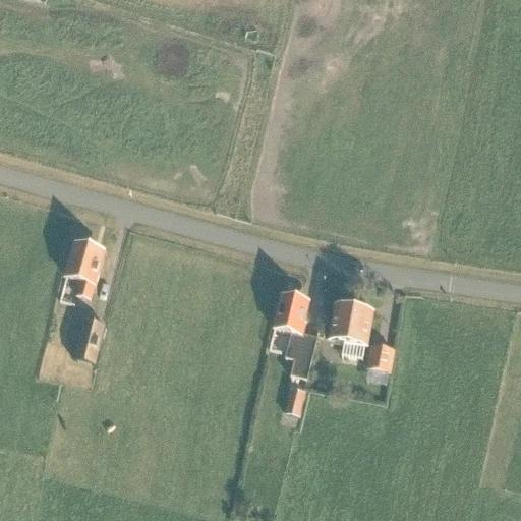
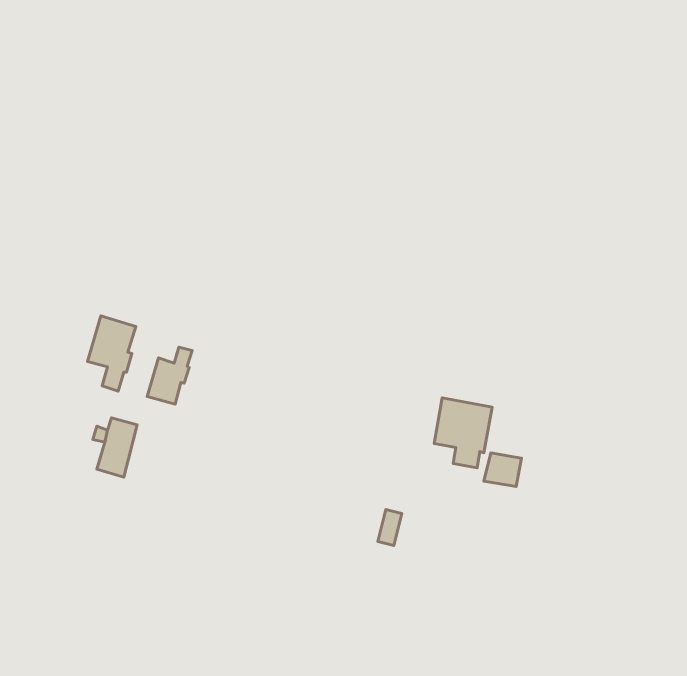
building: none -> [147,347,192,404]
building: [275,292,316,378] -> none

